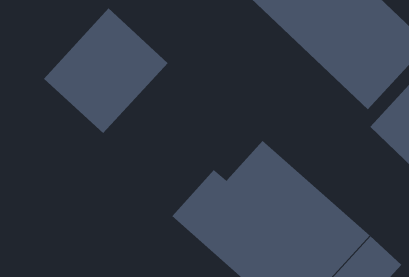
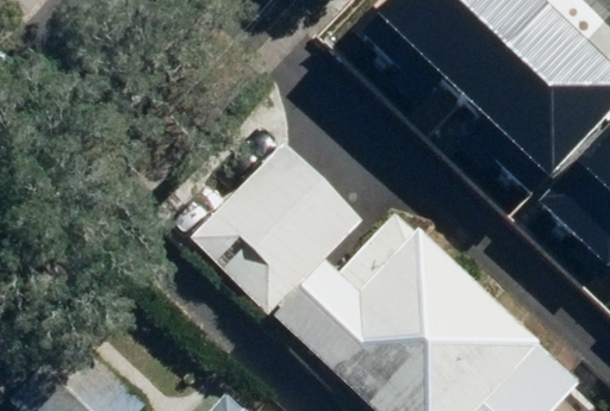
building: [43,7,169,134] -> [191,143,360,313]

